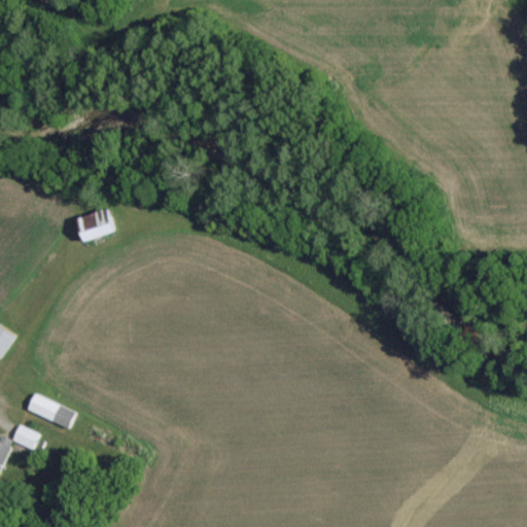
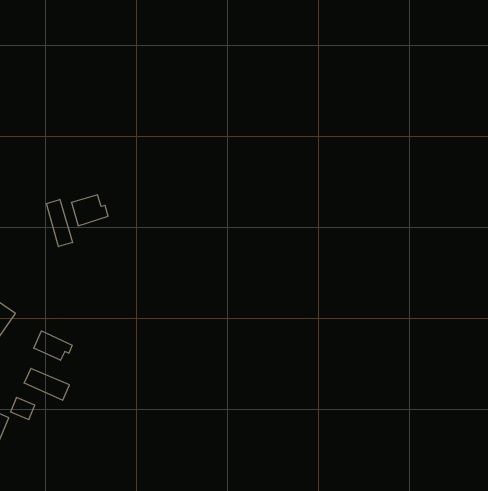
building: none -> [46,199,73,247]
building: none -> [34,331,72,360]

